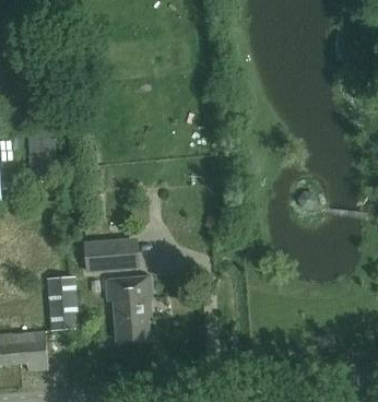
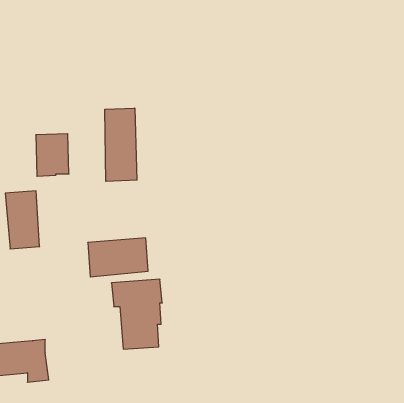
building: none -> [105,108,137,181]
building: [47,276,79,330] -> [5,191,40,249]

